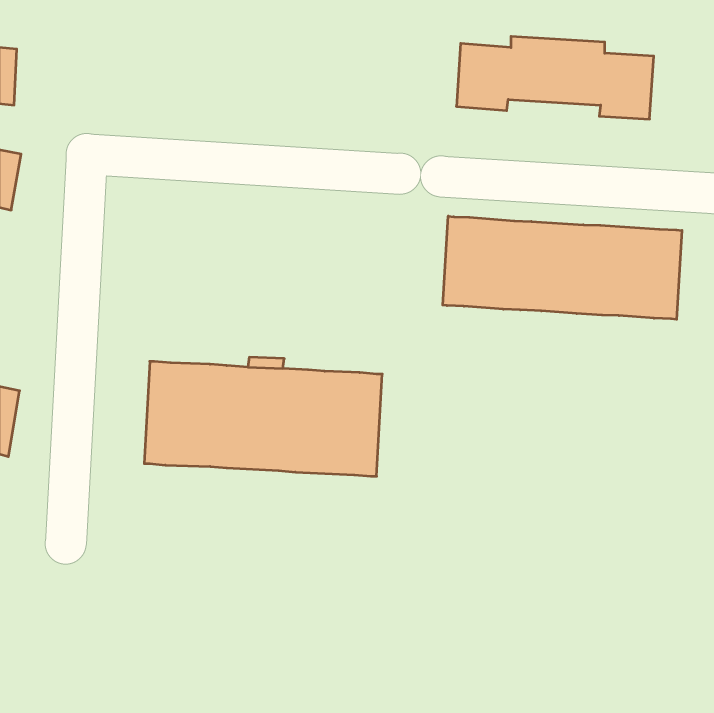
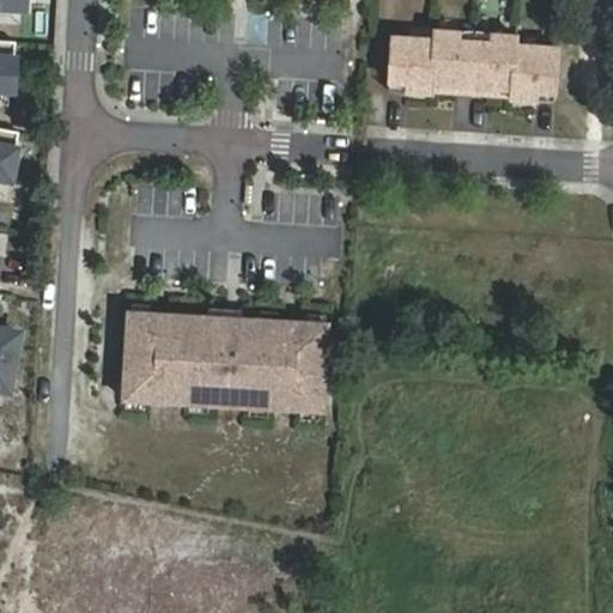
building: [443,216,682,319] -> none

